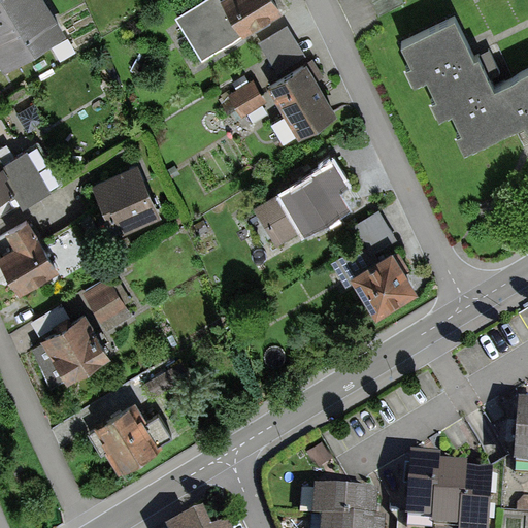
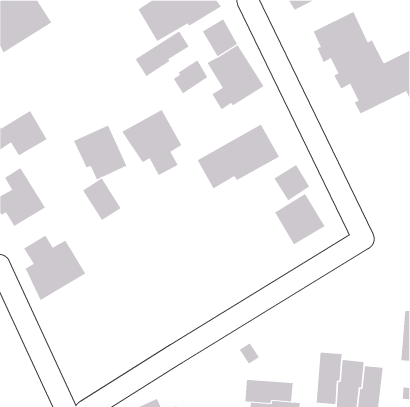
building: none -> [135,31,190,77]
building: none -> [122,109,182,176]
building: [82,279,133,335] -> [82,177,121,221]
building: [94,404,161,473] -> none

